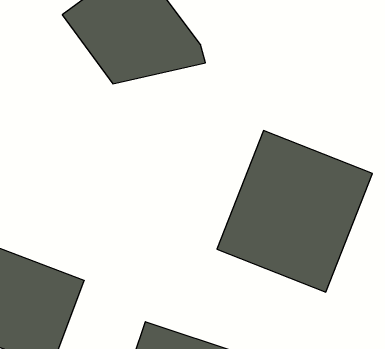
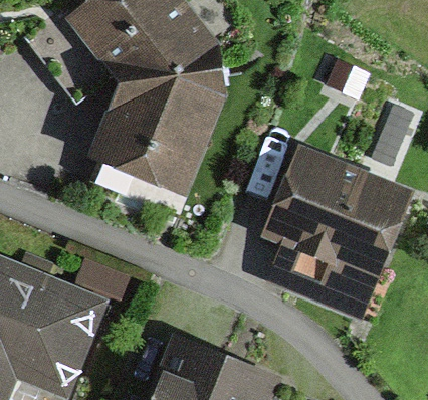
building: none -> [103,69,234,195]

